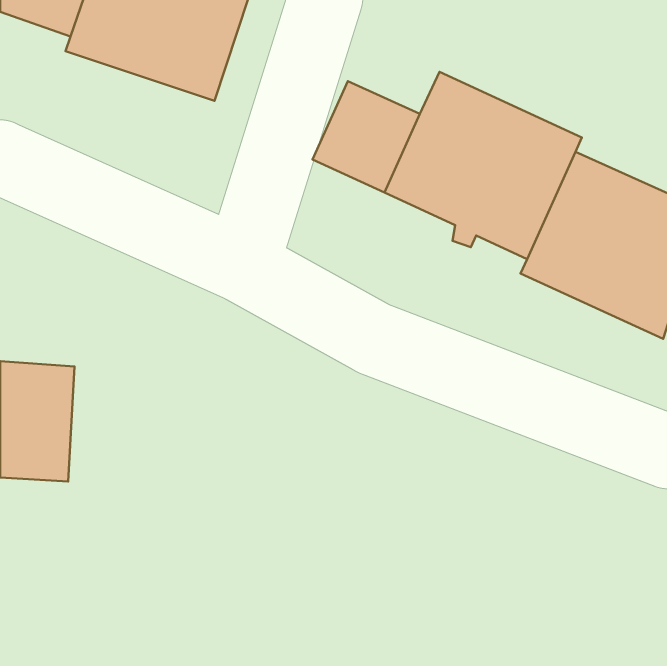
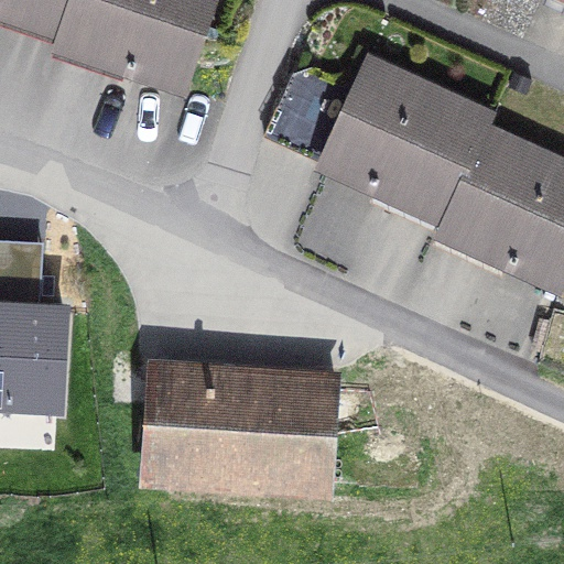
building: none -> [144,372,337,479]

